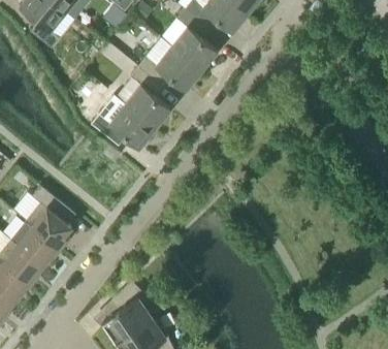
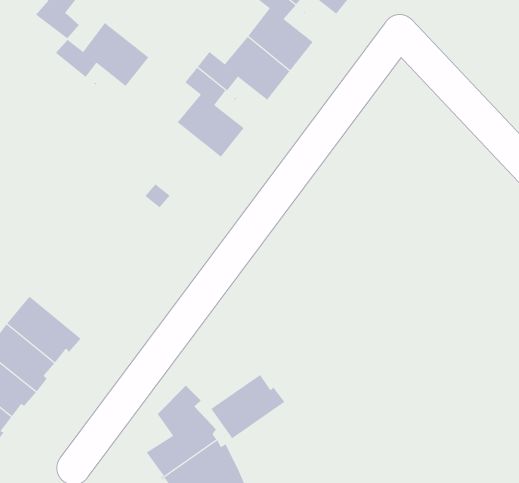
building: [91,104,154,148] -> [55,22,149,87]
building: [25,186,74,250] -> none
building: none -> [210,374,285,439]

